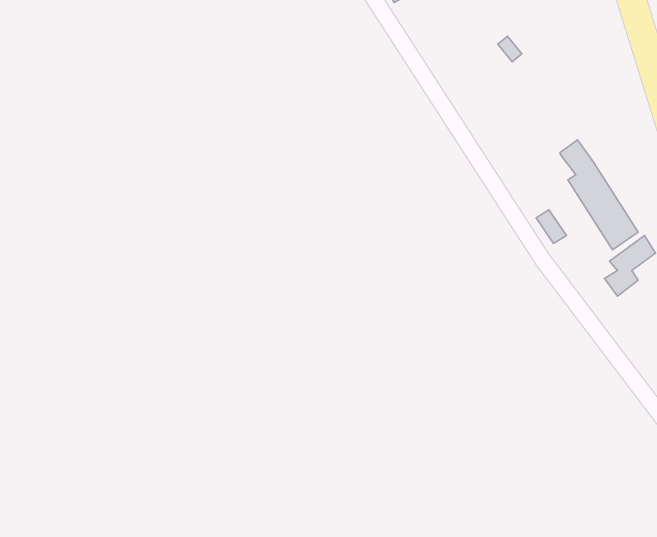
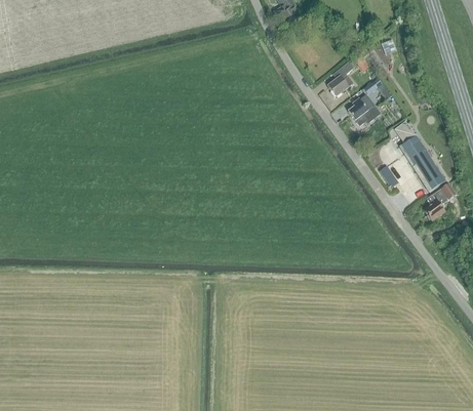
building: none -> [328,59,354,95]
building: none -> [349,79,391,124]

